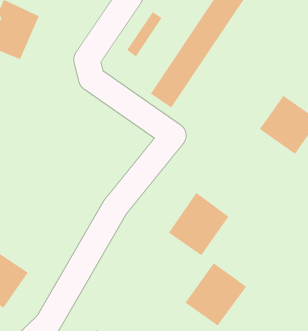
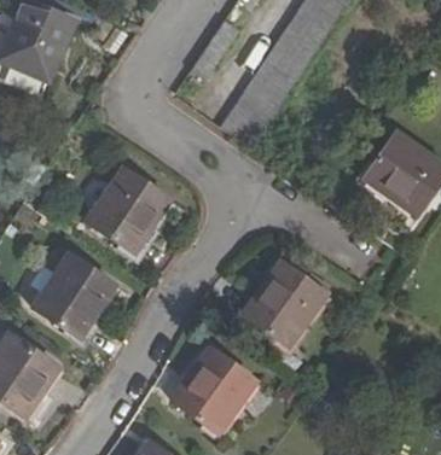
building: none -> [88,167,169,250]
building: none -> [33,250,118,337]
building: [184,262,247,326] -> [173,348,256,433]

